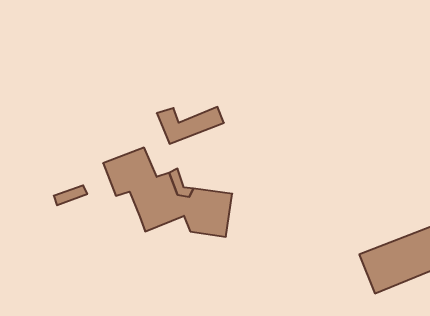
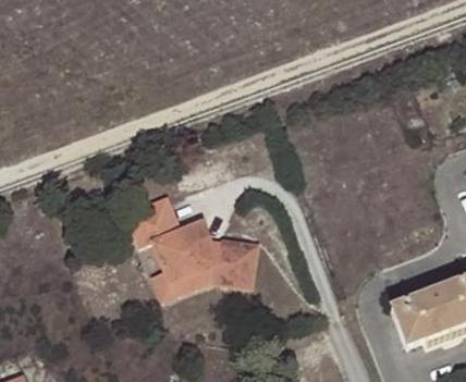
building: [157,107,224,144] -> [146,263,216,301]

